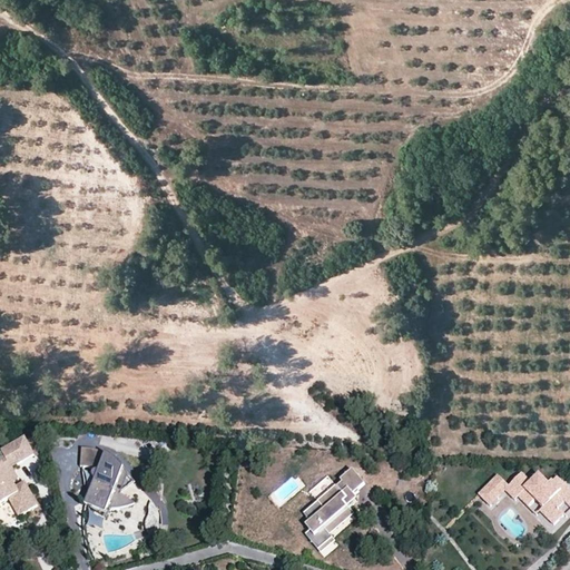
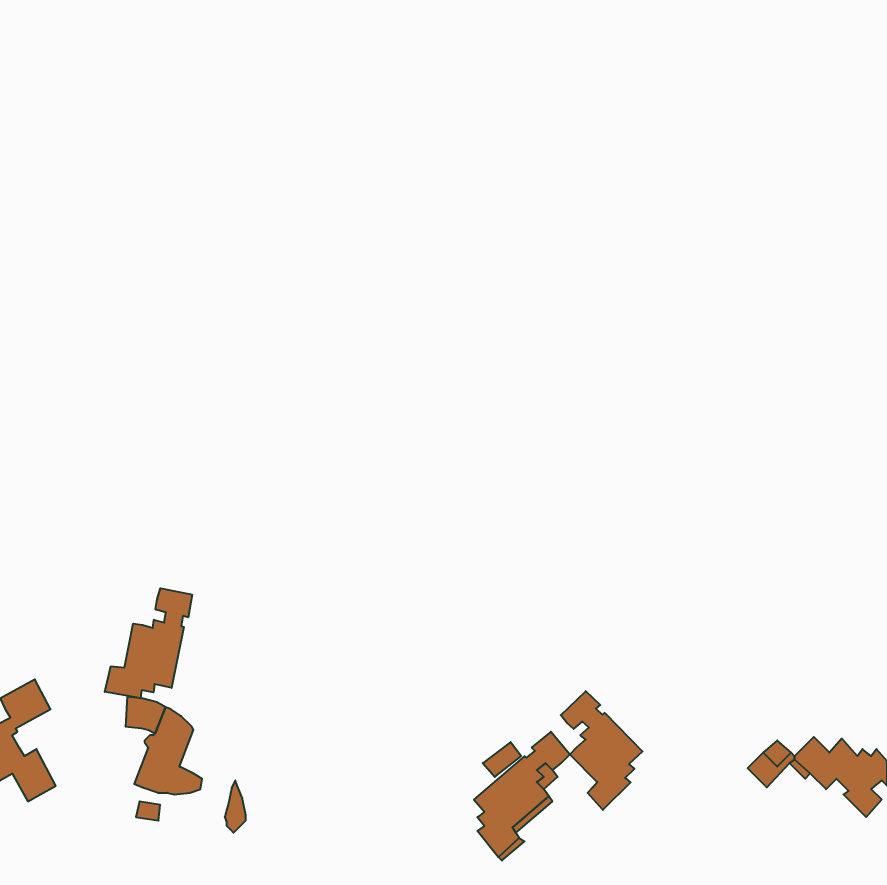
building: none -> [105,588,192,698]
building: none -> [561,691,643,810]

